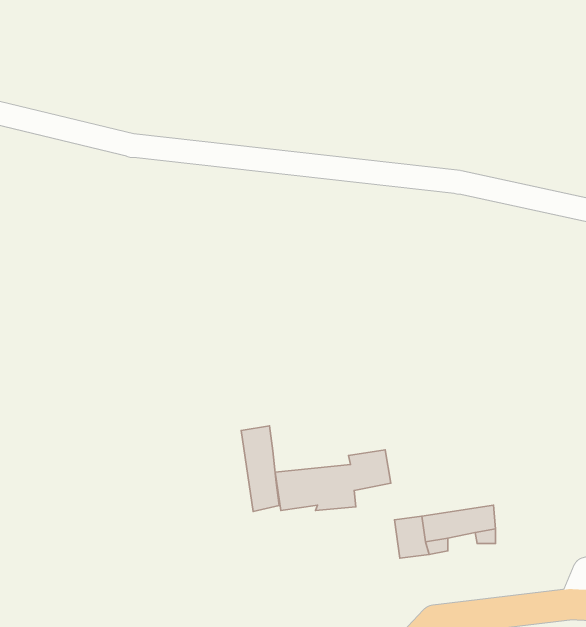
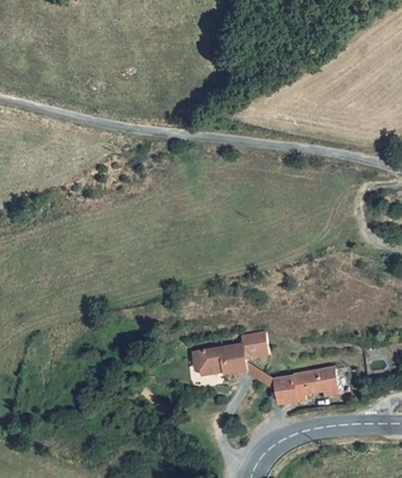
building: [241,426,279,511] -> none

